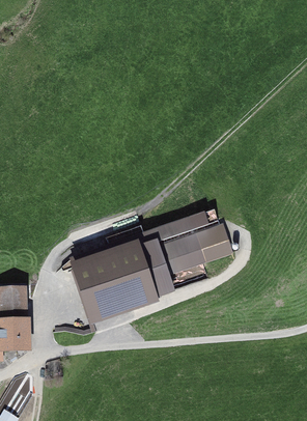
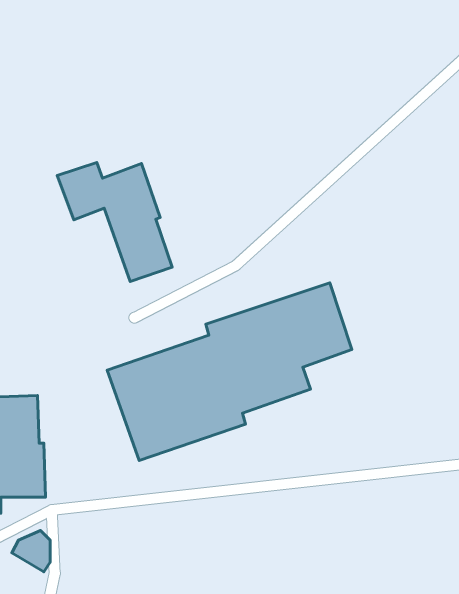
building: none -> [57,162,172,281]

